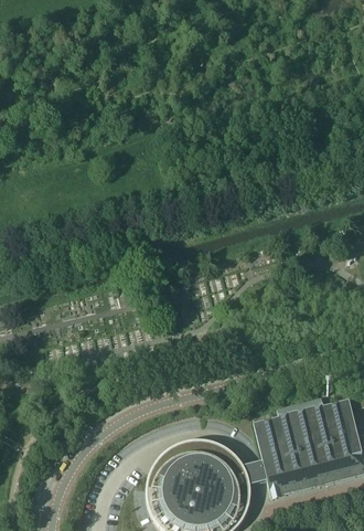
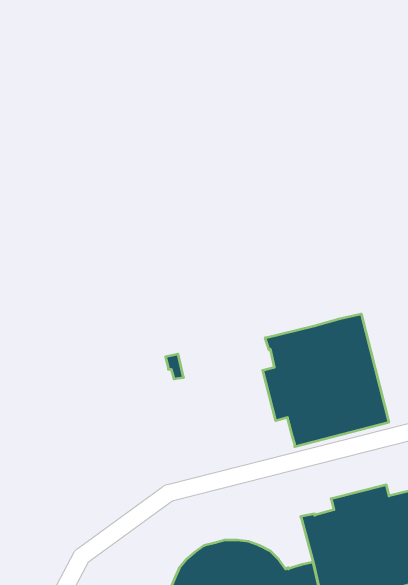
building: none -> [263,314,389,447]

